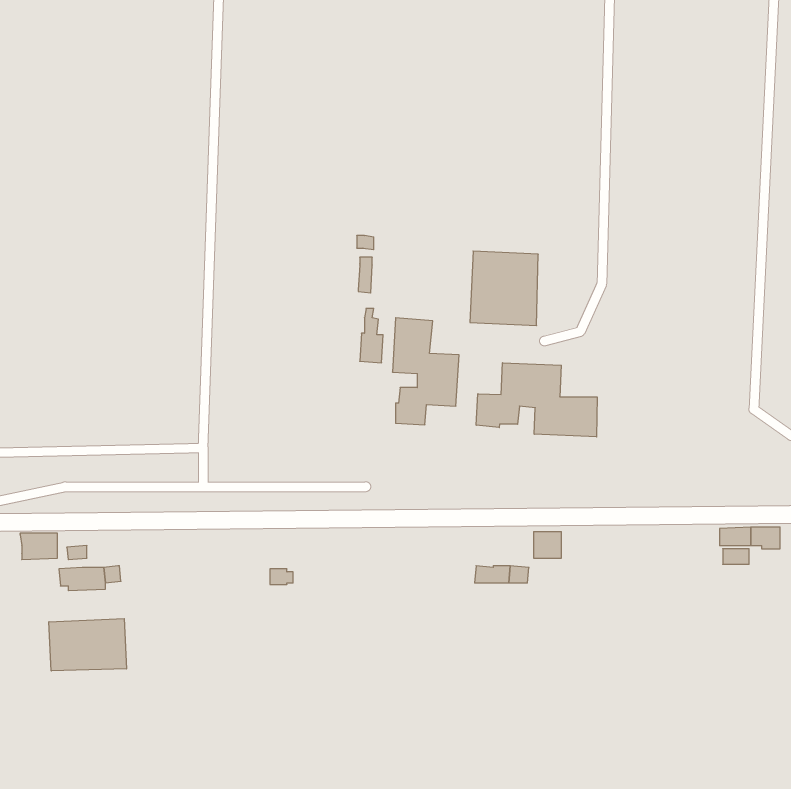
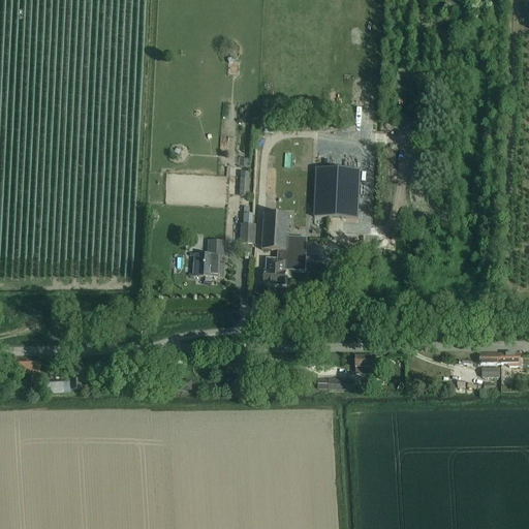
building: none -> [188,239,225,276]
building: [476,363,597,437] -> none
building: [49,619,126,671] -> none

